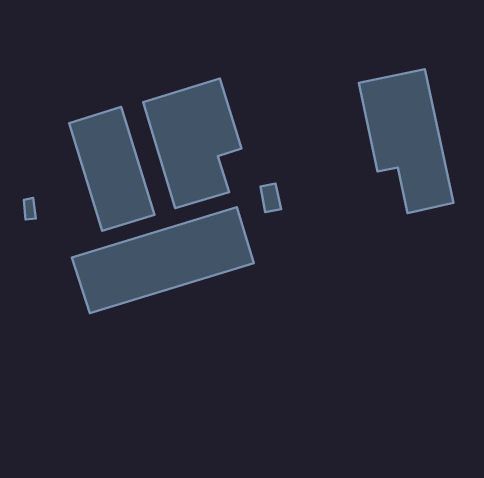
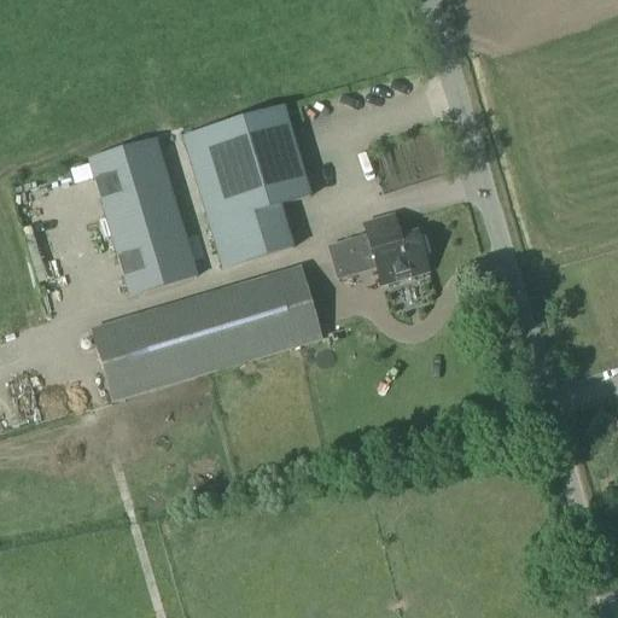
building: [359,69,454,213] -> none
building: none -> [368,212,430,280]

